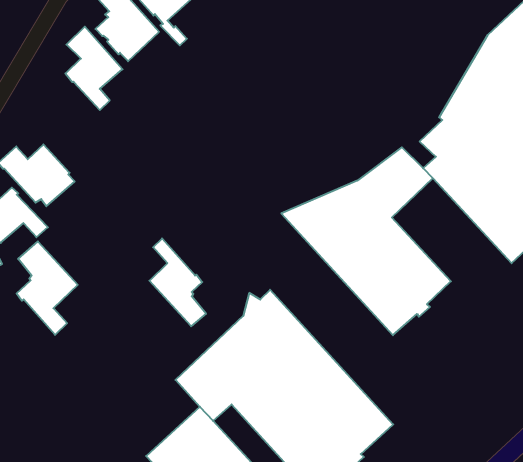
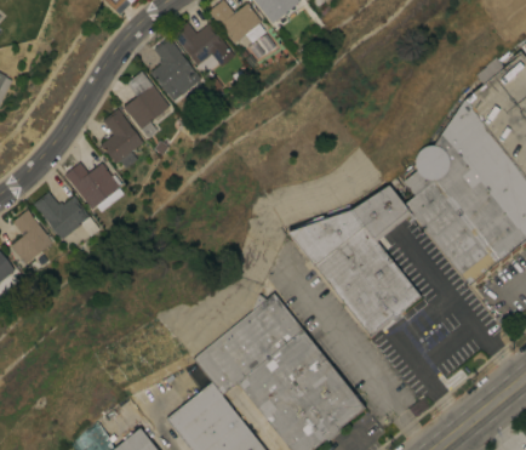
building: none -> [101,108,143,164]
building: [149,238,206,326] -> none
building: [17,241,78,335] -> none

